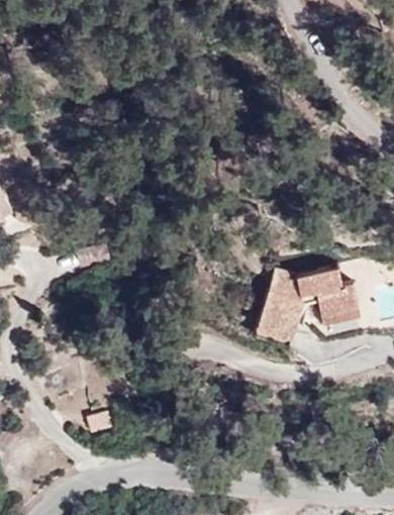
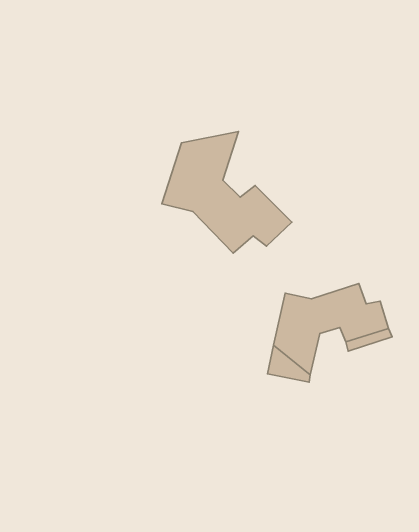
building: none -> [162,131,292,253]

